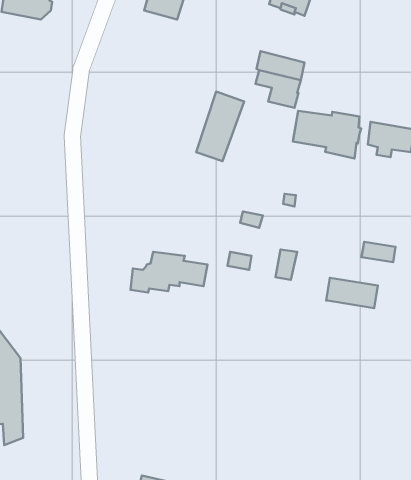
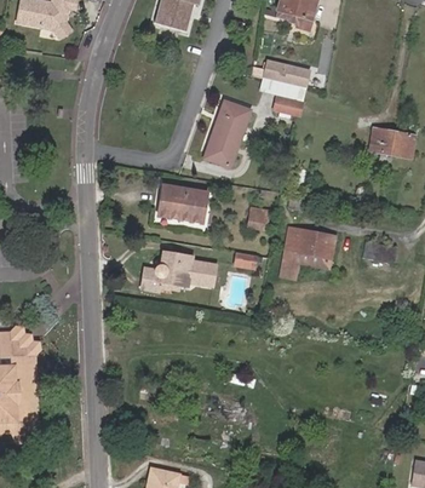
building: [293,111,361,158] -> none
building: none -> [159,185,206,223]
building: [326,278,378,308] -> [285,229,334,258]

